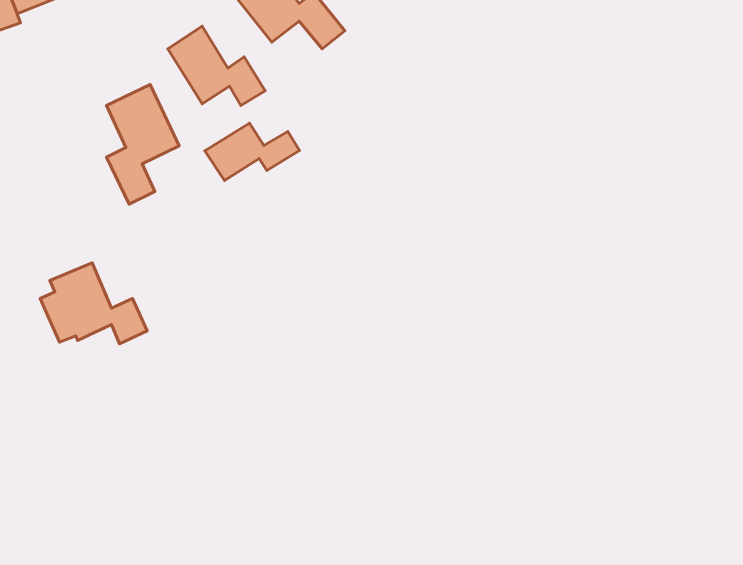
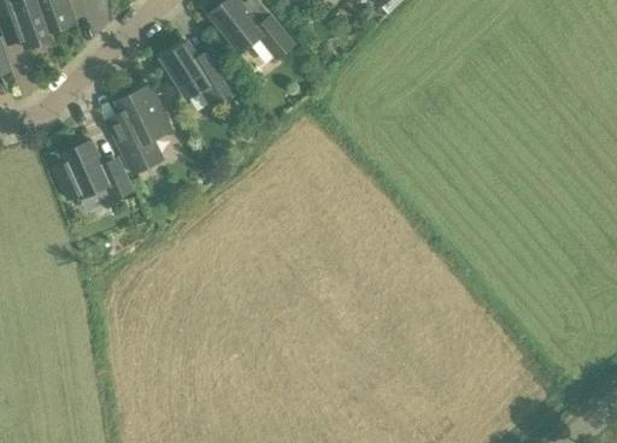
building: [205,123,300,181] -> none
building: [40,263,147,344] -> [52,140,131,200]

